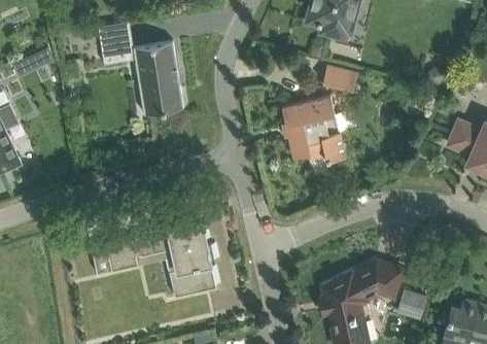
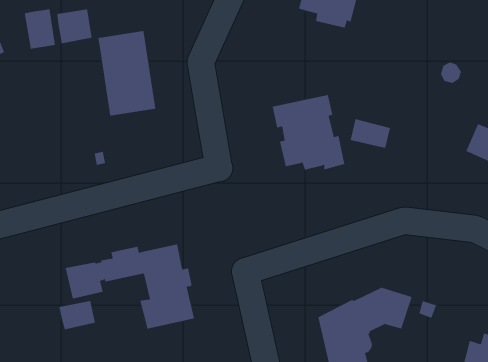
building: none -> [24,8,55,49]
building: [322,65,357,91] -> [350,118,391,148]
building: none -> [59,300,95,330]
building: [395,289,427,320] -> none

